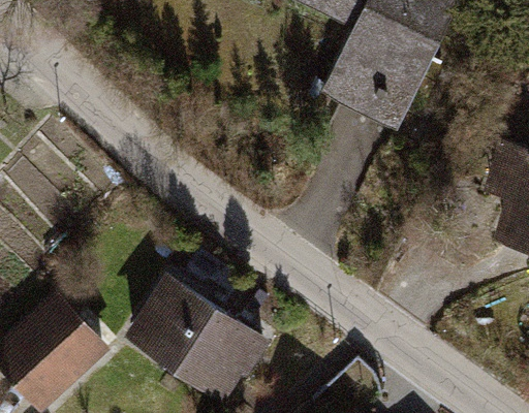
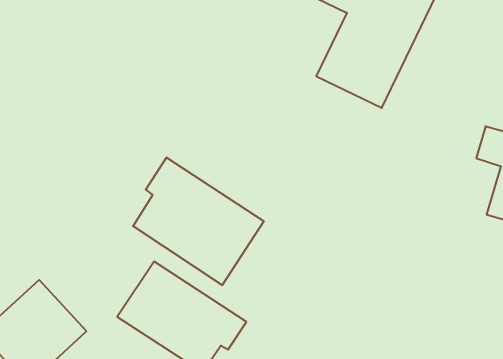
building: none -> [133,157,264,285]

